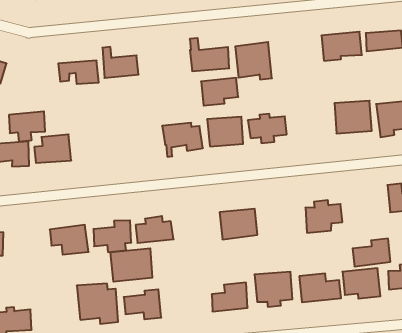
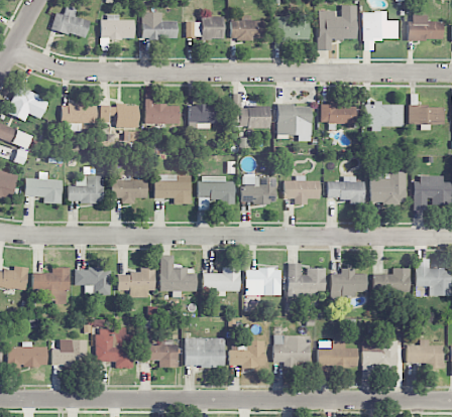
building: none -> [320,105,356,124]
building: [201,78,238,106] -> [189,105,224,129]
building: none -> [327,176,364,204]
building: [9,111,45,141] -> [61,104,97,131]
building: none -> [154,174,191,203]
building: none -> [111,179,147,203]
building: none -> [288,263,325,297]
building: none -> [203,267,240,296]
building: none -> [32,268,69,304]
building: [353,239,390,266] -> [373,268,410,292]
building: [110,248,152,282] -> [185,337,225,367]
building: none -> [51,339,87,365]

